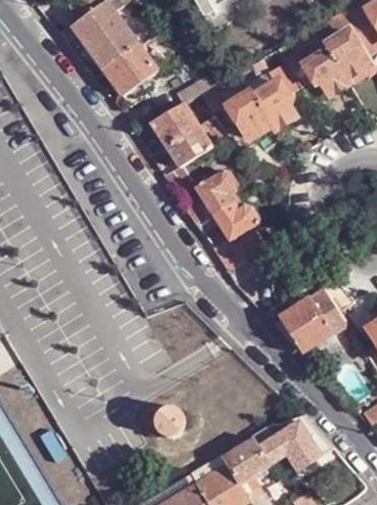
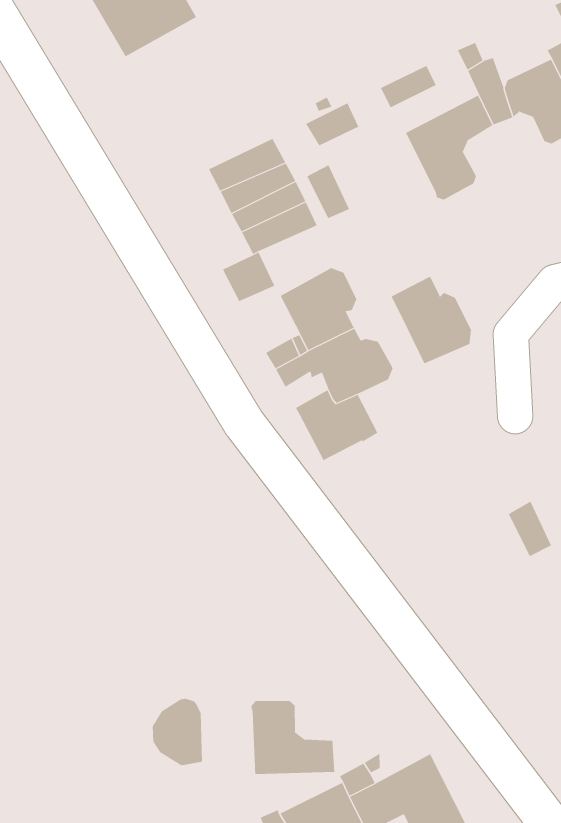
building: [103,43,159,96] -> none
building: [228,90,273,137] -> none
building: none -> [391,276,471,364]
building: [279,297,334,354] -> none
building: none -> [250,700,335,775]

